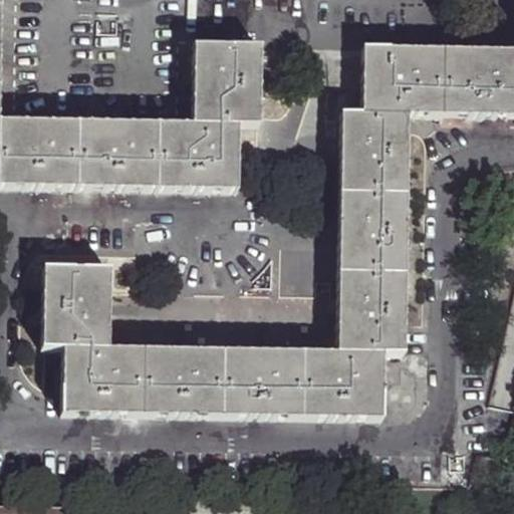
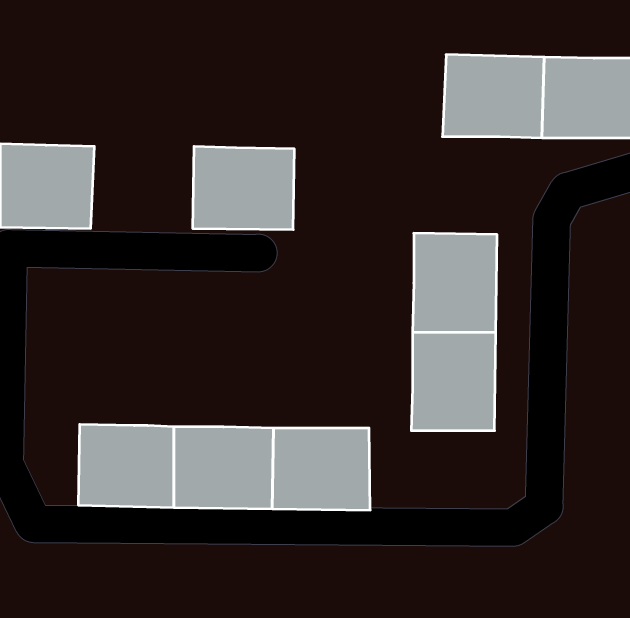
building: [195,41,264,121] -> none
building: [338,109,408,190] -> none
building: [77,118,161,185] -> none
building: [46,263,114,344] -> none
building: [302,346,383,414] -> none

